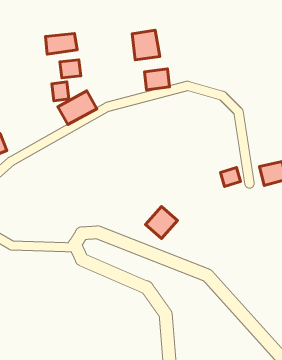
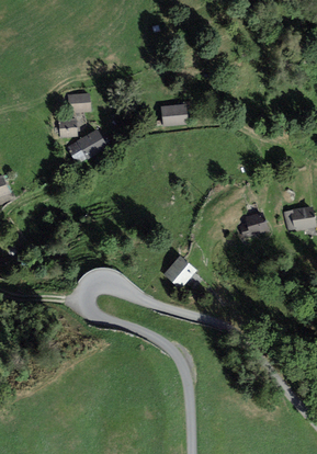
building: [132,30,160,60] -> none
building: [45,33,77,54] -> none

